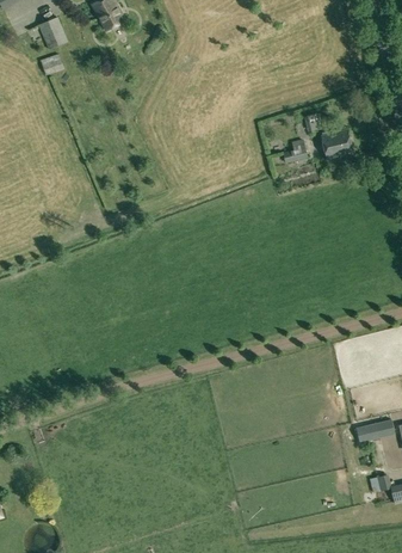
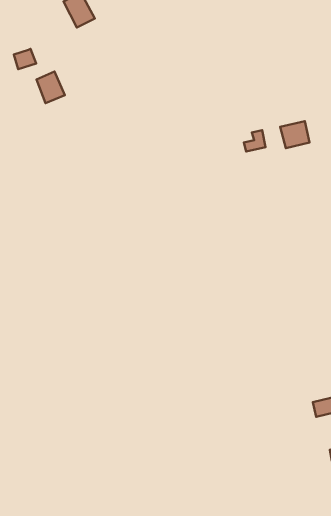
building: [39,17,69,50] -> [37,71,65,103]

